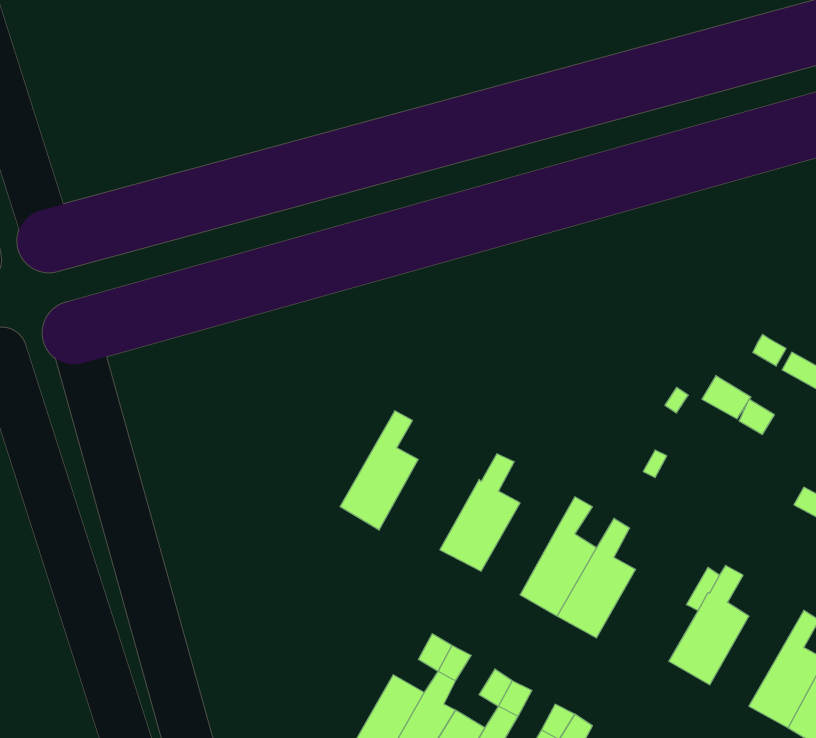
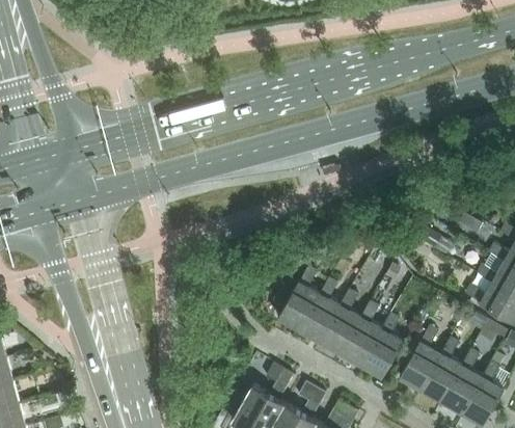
building: [340,411,418,530] -> [299,279,341,343]
building: none -> [360,315,403,378]
building: none -> [421,339,462,402]

